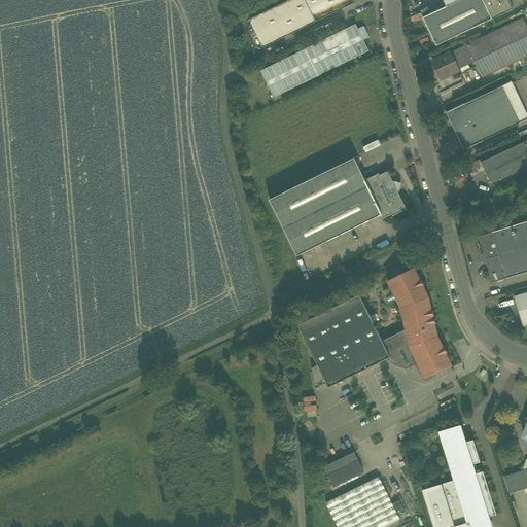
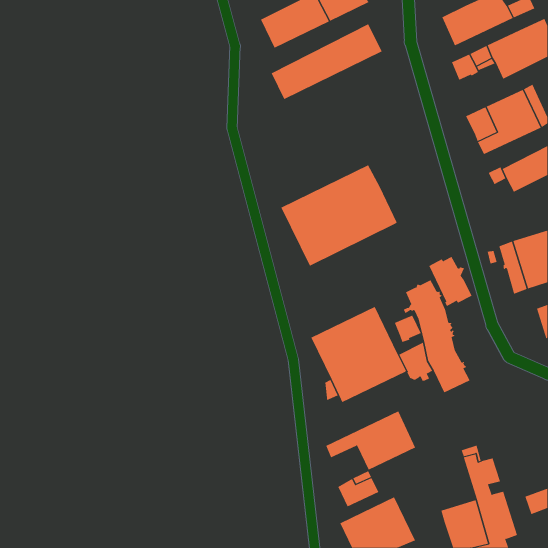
building: [364,170,407,218] -> [428,256,472,307]
building: none -> [394,315,421,343]
building: none -> [325,411,416,471]

